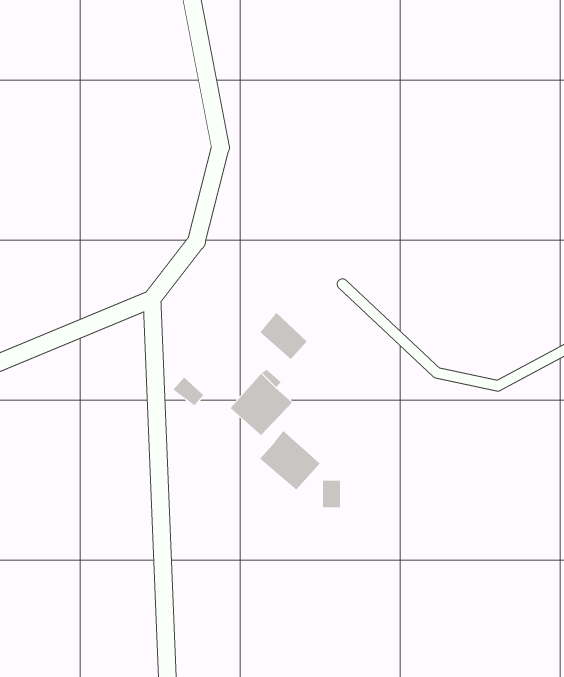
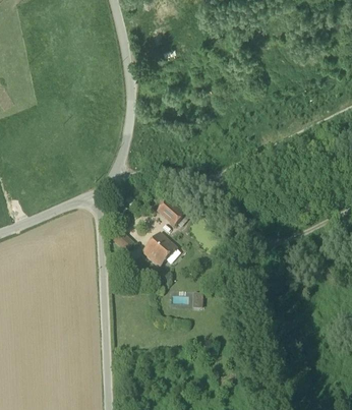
building: [259,430,321,490] -> none

